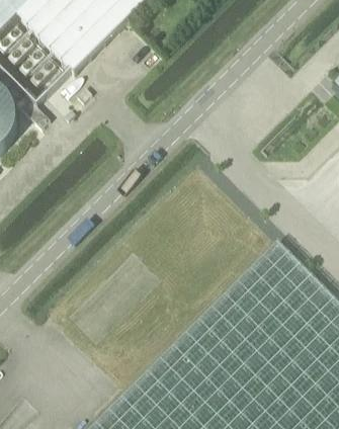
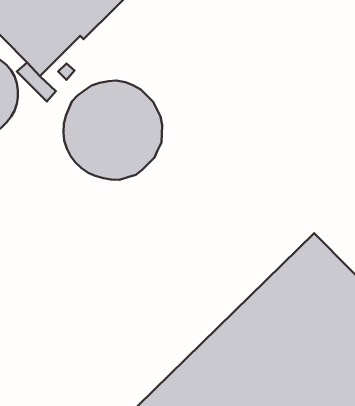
building: none -> [63,81,162,180]

